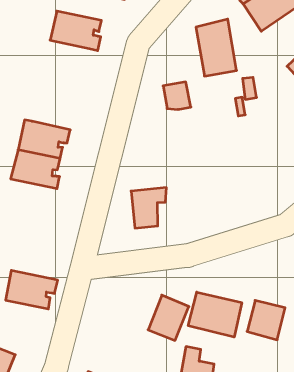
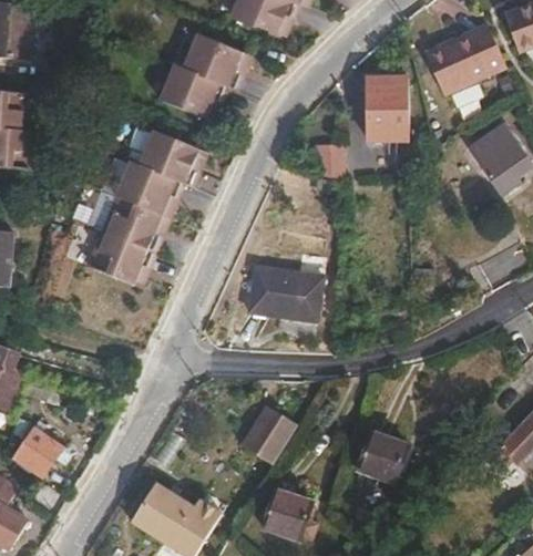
building: none -> [160,62,227,117]
building: none -> [141,128,205,184]
building: none -> [274,272,317,320]
building: [6,270,58,309] -> [89,228,157,284]
building: [188,292,242,337] -> none

